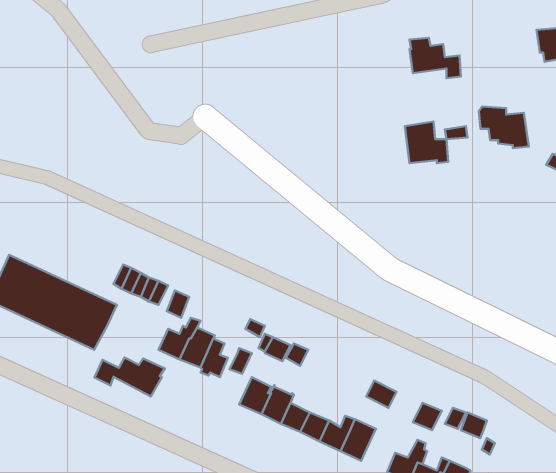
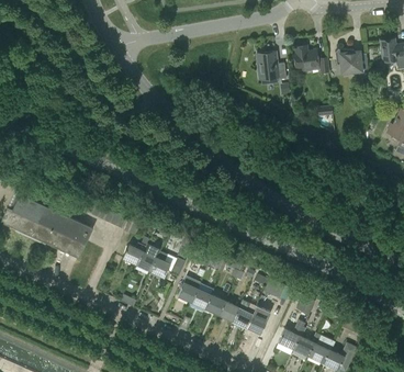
building: [479,106,529,148] -> [335,49,369,78]
building: [405,122,448,163] -> [256,52,285,80]
building: [95,357,165,397] -> none

